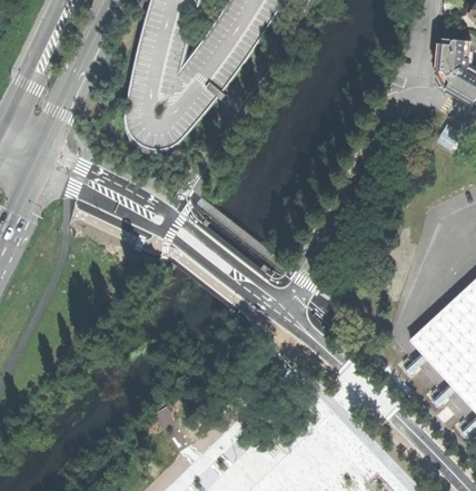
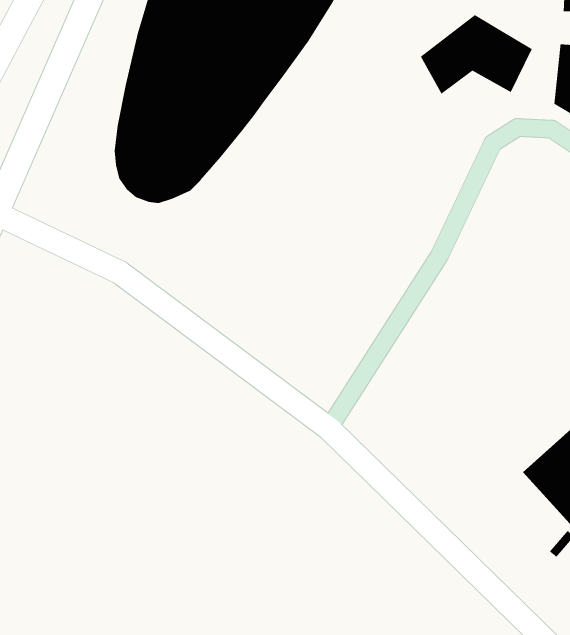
building: none -> [420,14,533,95]

